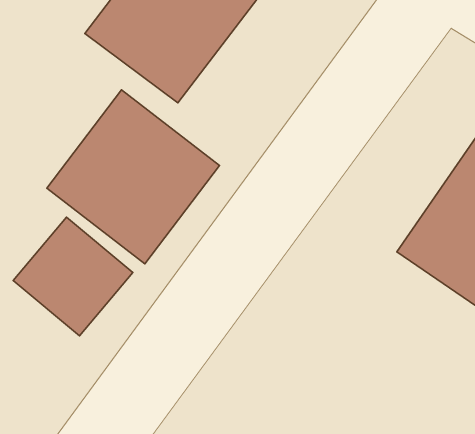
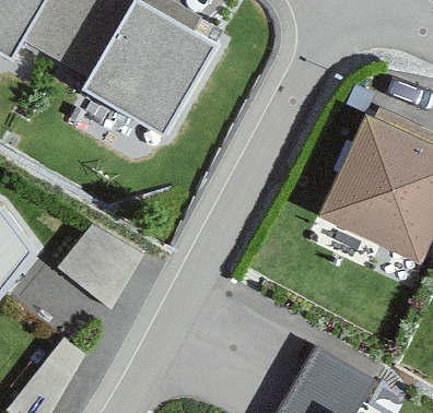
building: [47,90,219,264] -> none

